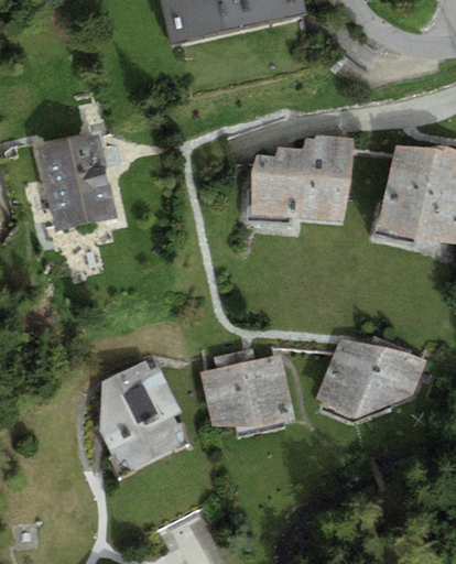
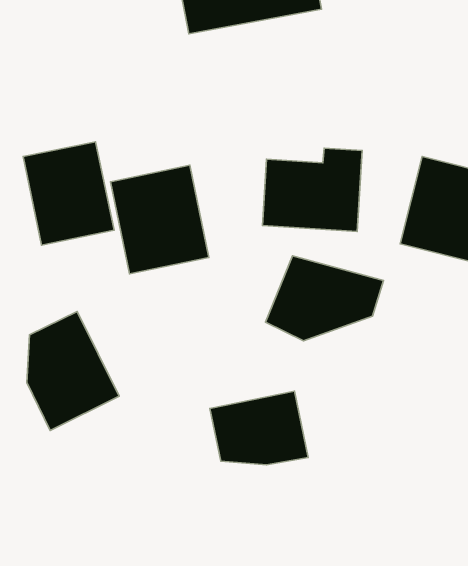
building: none -> [110,165,209,274]
building: [319,339,425,415] -> [266,256,383,341]
building: [101,362,184,469] -> [27,311,119,431]

